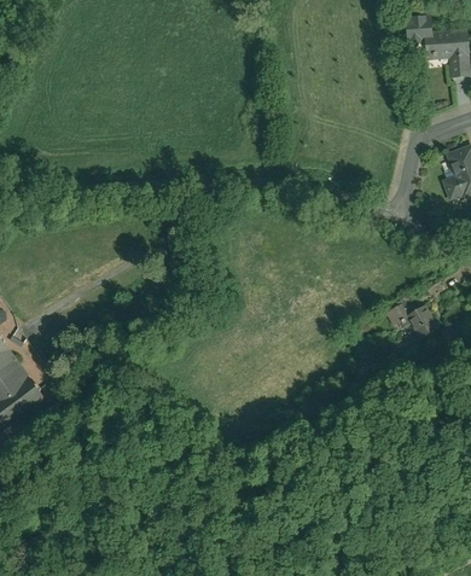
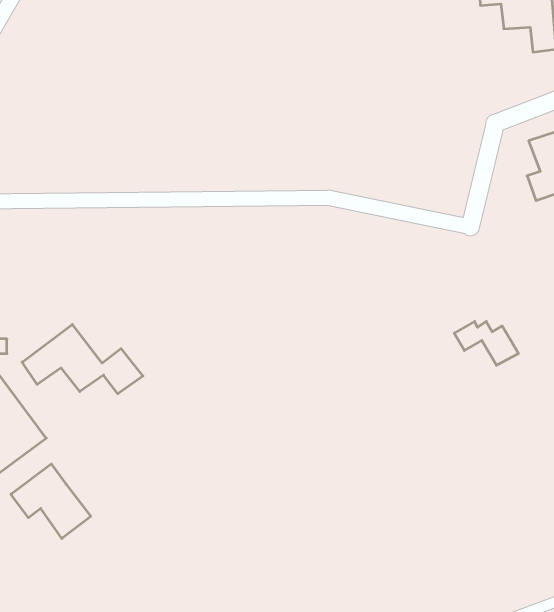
building: none -> [22,324,143,394]
building: none -> [11,464,91,539]

